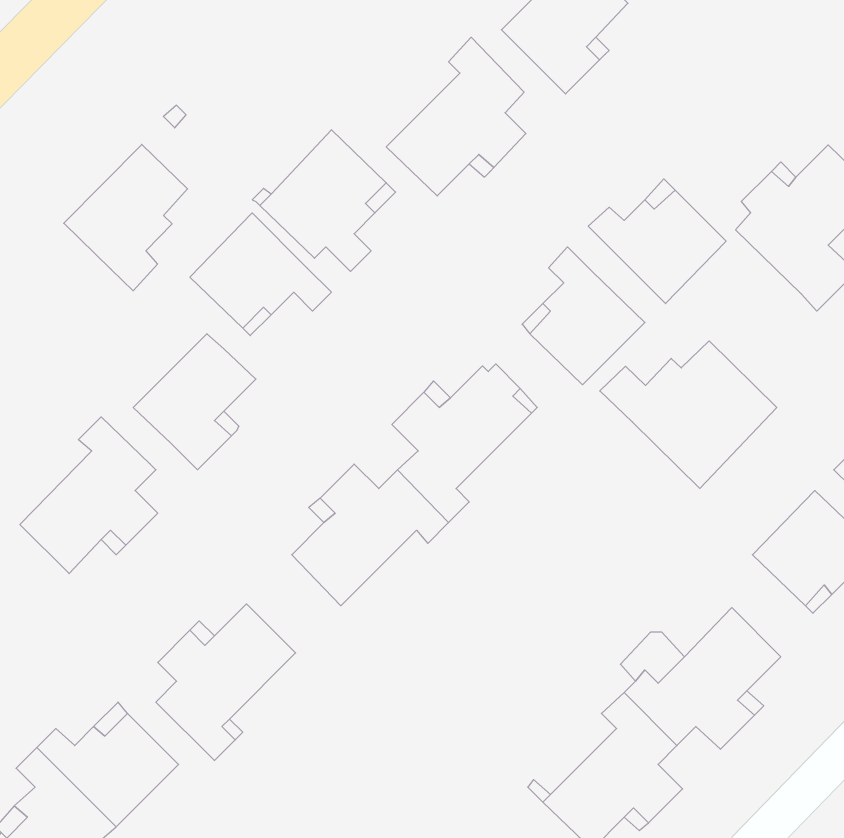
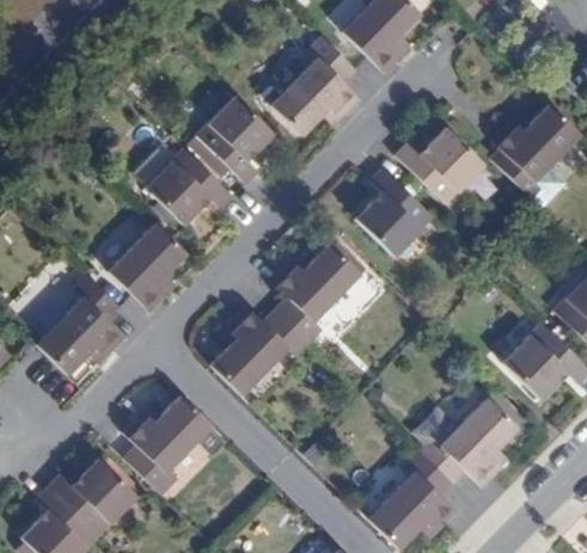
building: [64,144,188,291] -> none
building: [600,341,777,488] -> none

